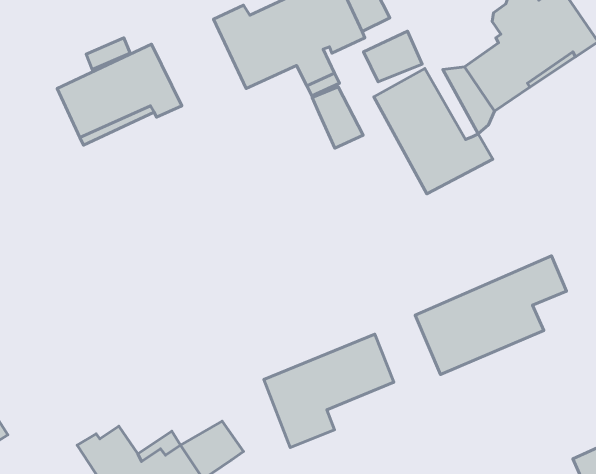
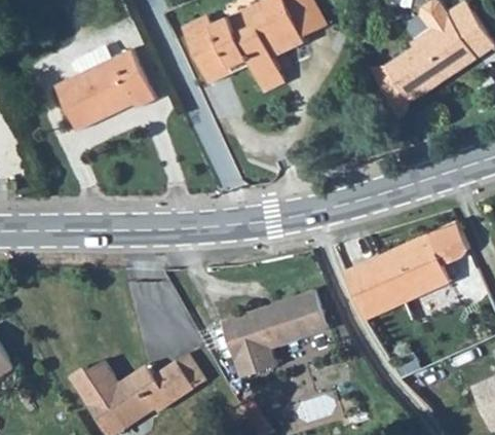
building: [363,31,422,82] -> none
building: [374,69,493,194] -> none
building: [312,87,363,148] -> none

